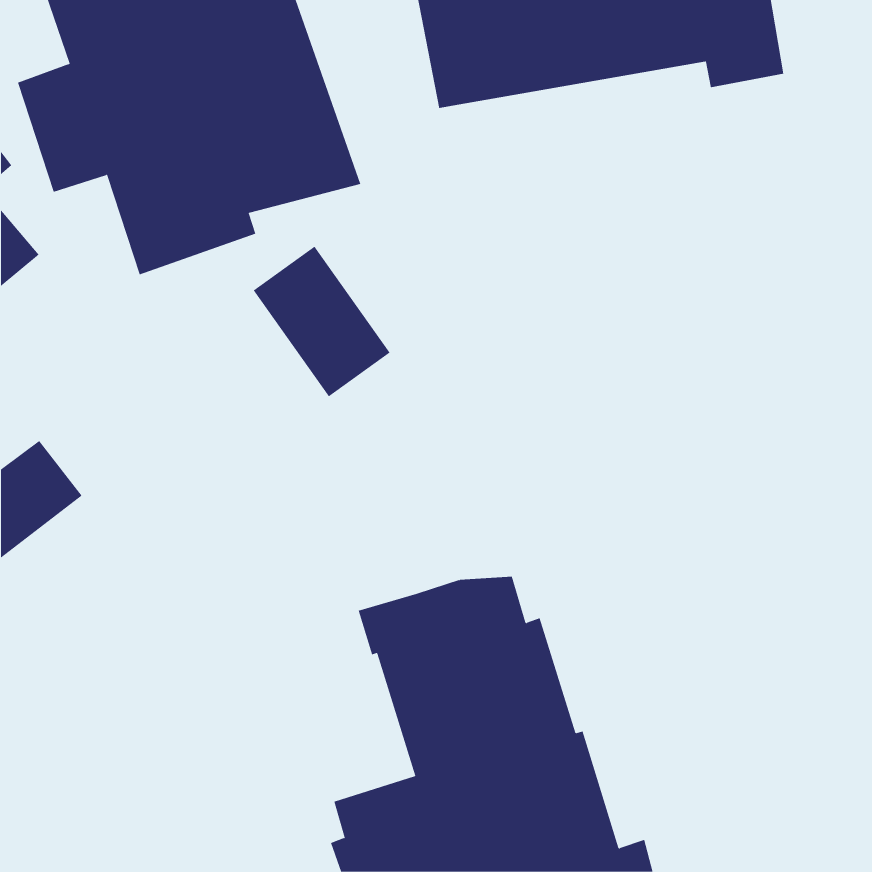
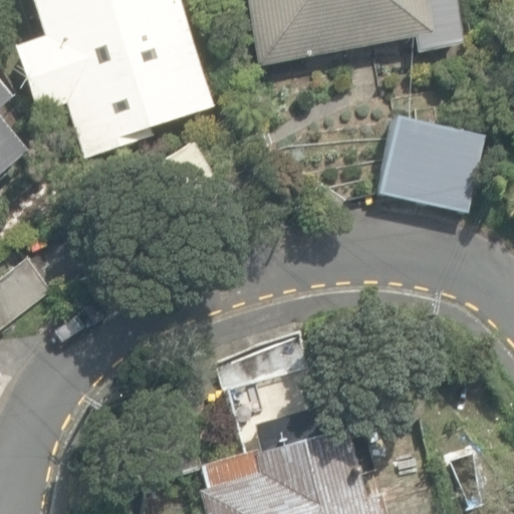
building: none -> [378,117,483,211]

